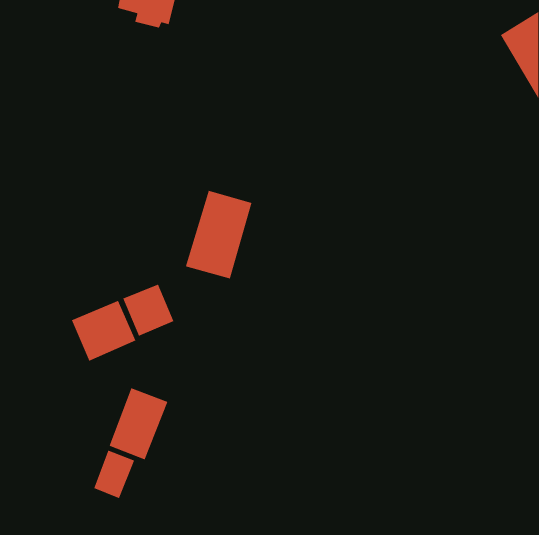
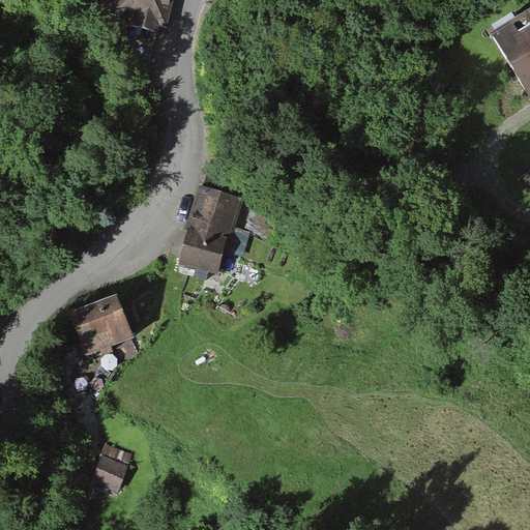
building: [122,283,175,337] -> none
building: [108,387,169,461] -> none

